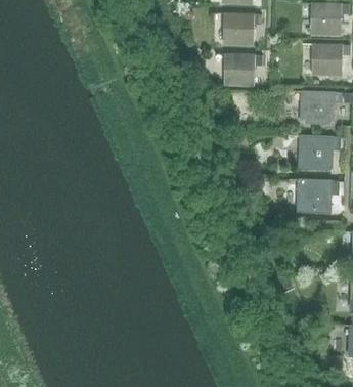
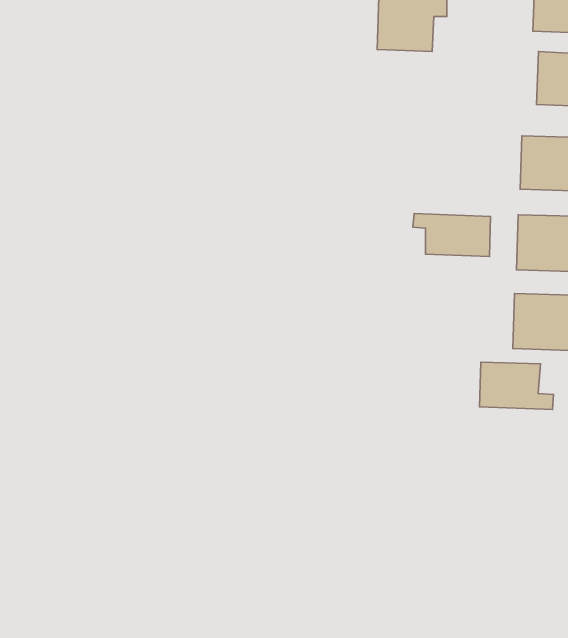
building: [223,54,262,85] -> none
building: none -> [413,214,491,256]
building: none -> [480,362,554,409]

